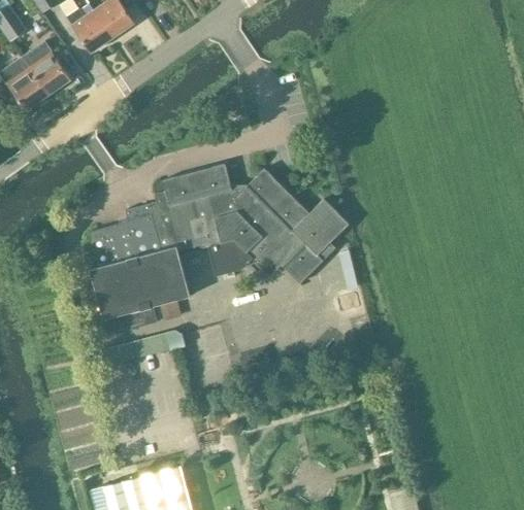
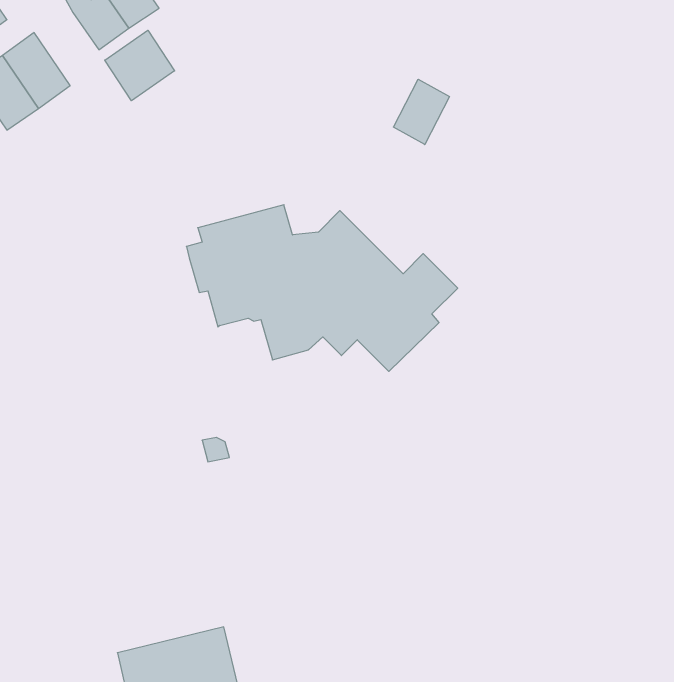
building: none -> [105,30,175,101]
building: none -> [393,79,449,145]
building: [88,202,190,333] -> none

